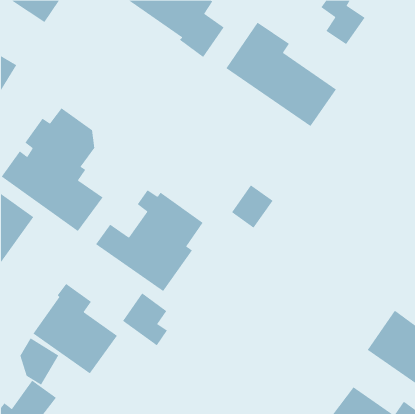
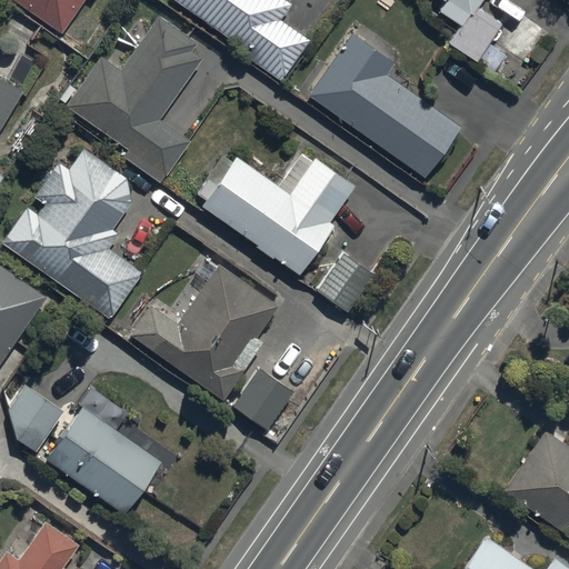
building: none -> [59,17,201,183]
building: none -> [197,157,353,273]
building: [122,292,168,346] -> [232,368,295,441]
building: [19,338,59,386] -> [9,387,63,452]

